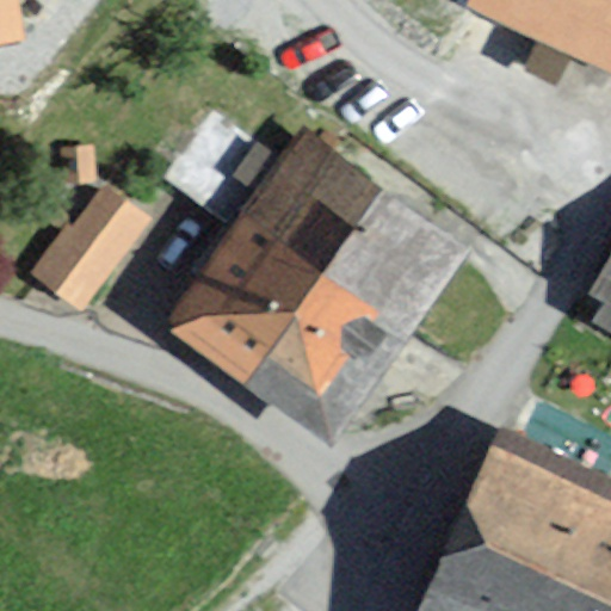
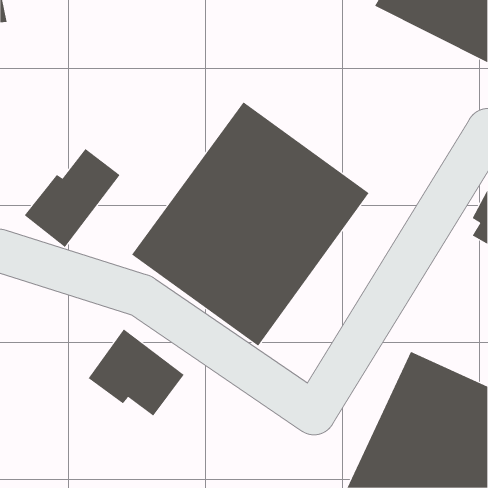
building: none -> [88,328,184,416]

